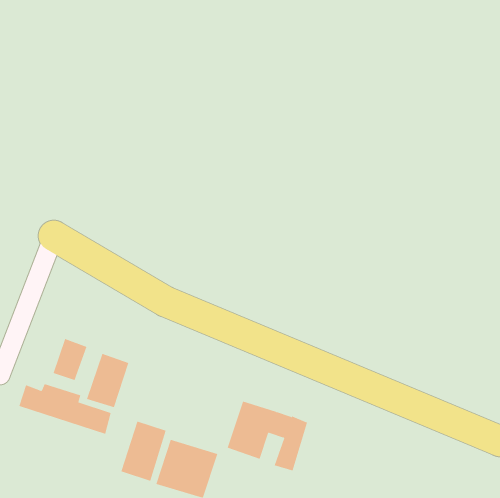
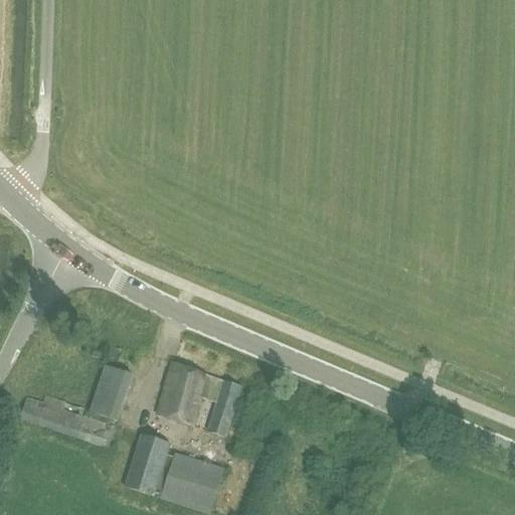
building: [53,338,87,381] -> none
building: [227,401,308,471] -> [158,363,241,436]

